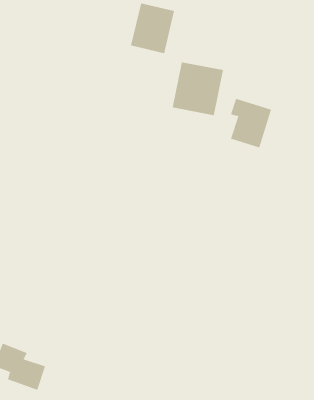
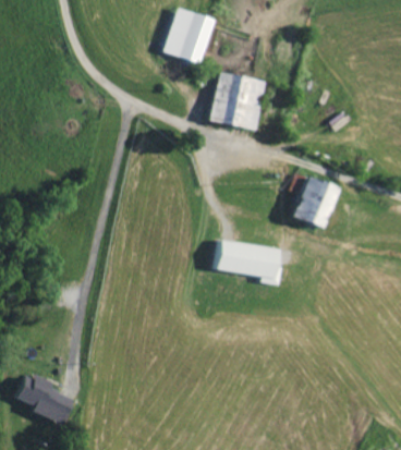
building: [230,98,272,148] -> [289,174,333,228]
building: none -> [218,241,282,285]

